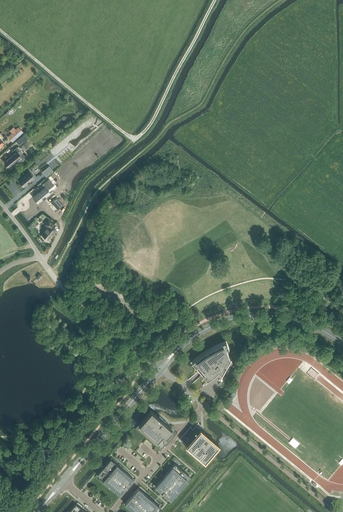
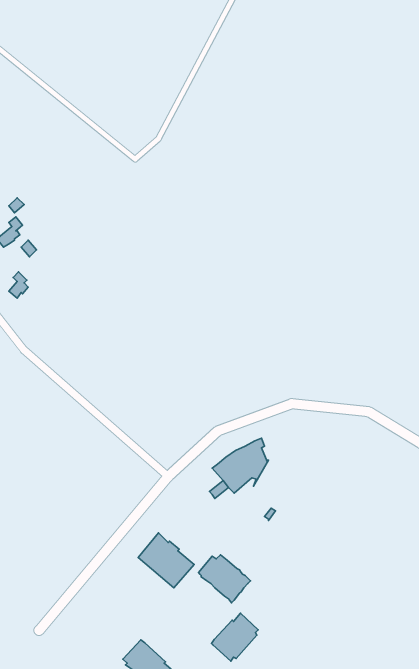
building: [98,461,133,494] -> none
building: [155,465,189,500] -> [212,613,258,661]

